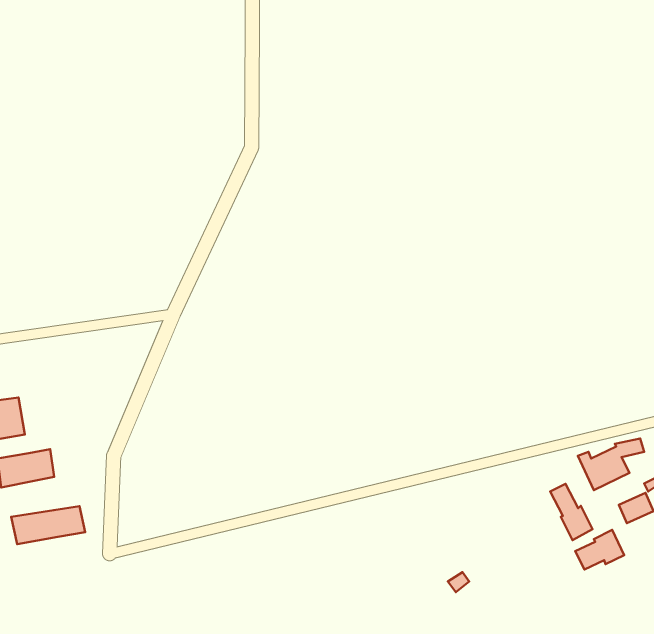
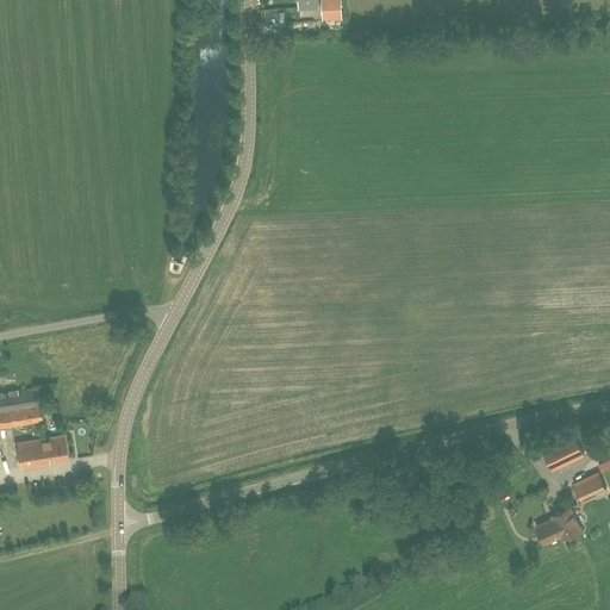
building: [550,484,593,540] -> none
building: [11,506,85,544] -> none

